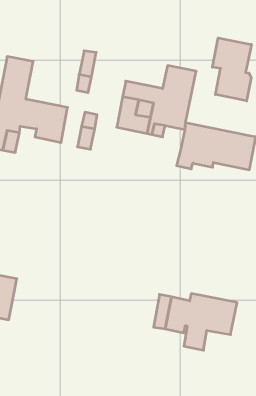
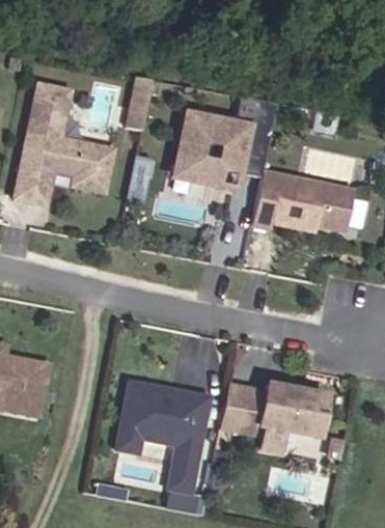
building: [212,38,251,101] -> none
building: none -> [115,382,209,494]

